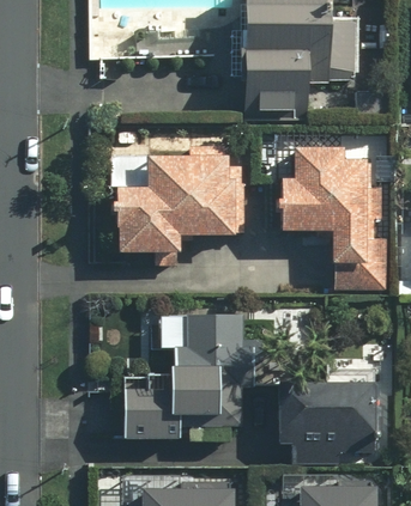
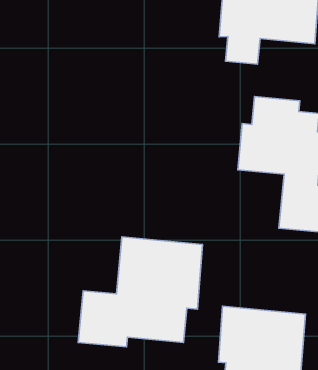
building: [117,146,243,250] -> none

